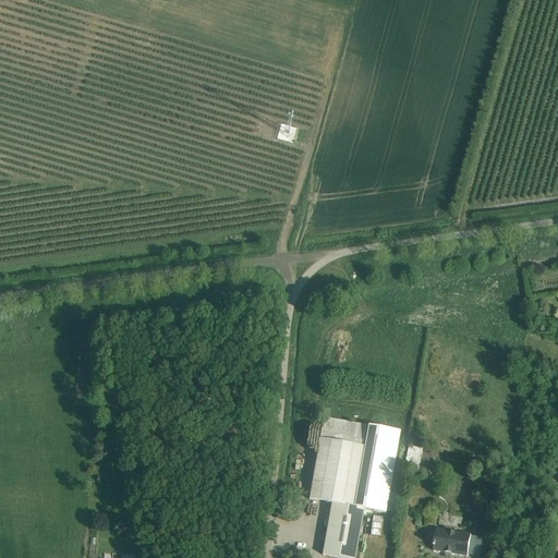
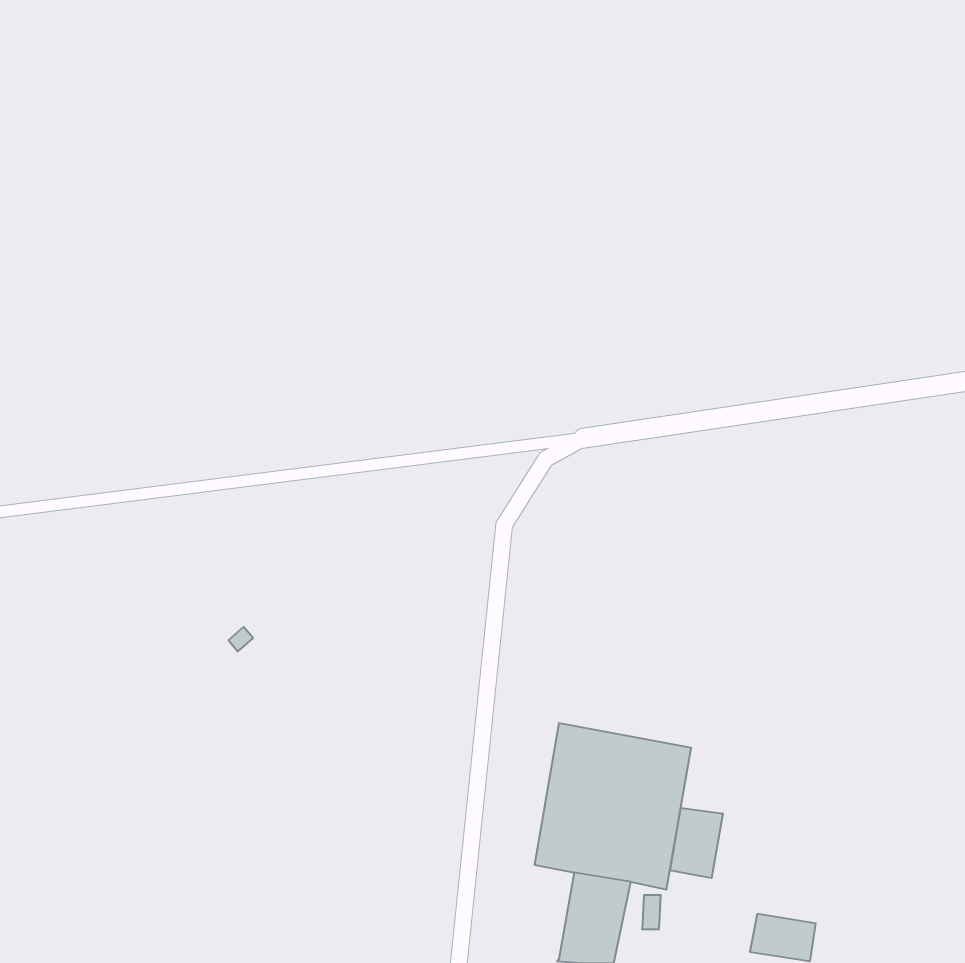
building: none -> [670,808,723,878]

